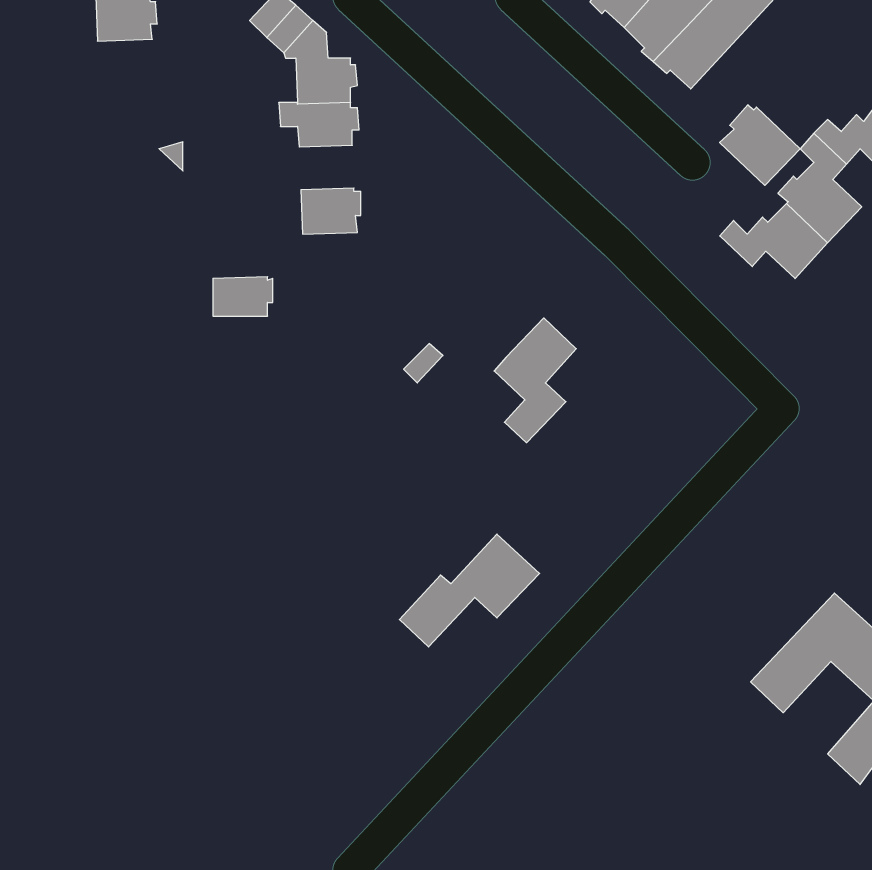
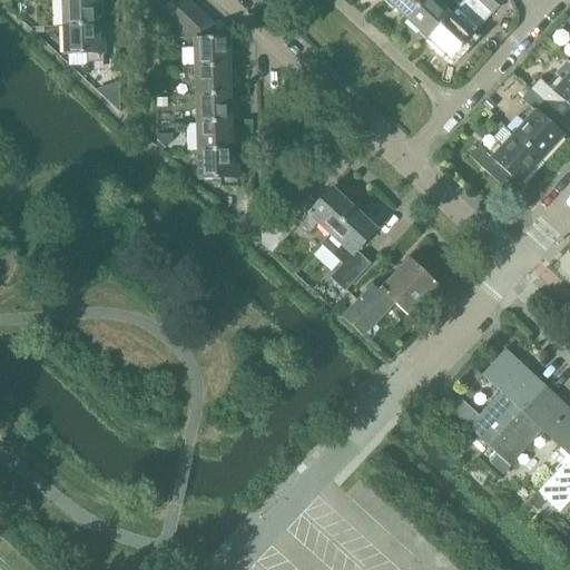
building: none -> [65,26,104,62]
building: [720,105,800,185] -> none
building: none -> [196,95,236,124]
building: [213,277,273,316] -> [198,151,237,177]
building: none -> [301,186,355,233]
building: [399,534,540,647] -> [345,258,436,332]
building: none -> [451,350,544,444]

